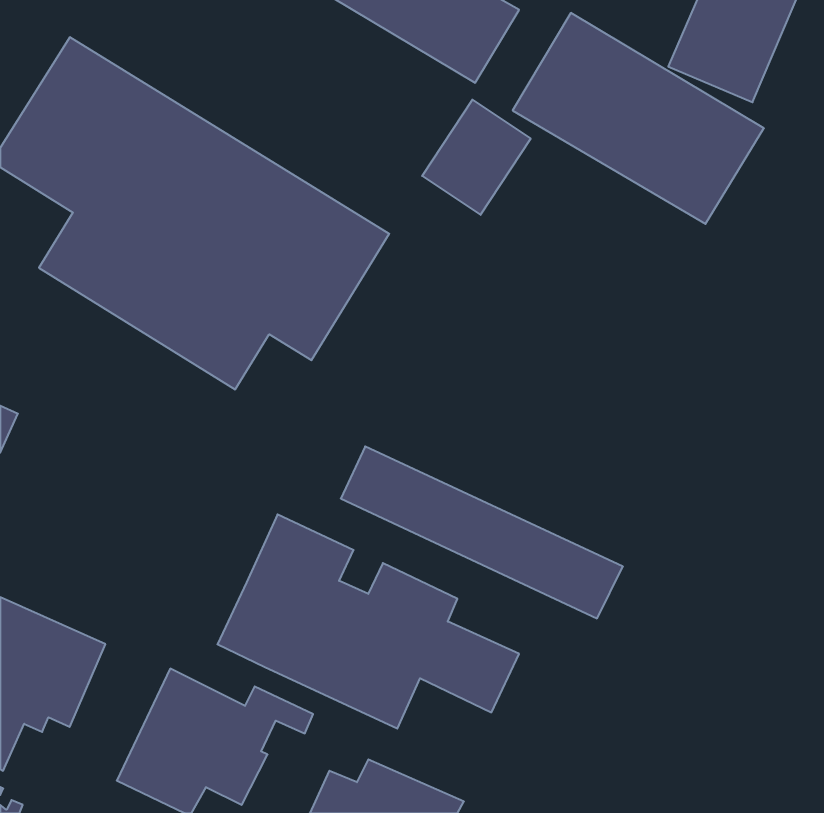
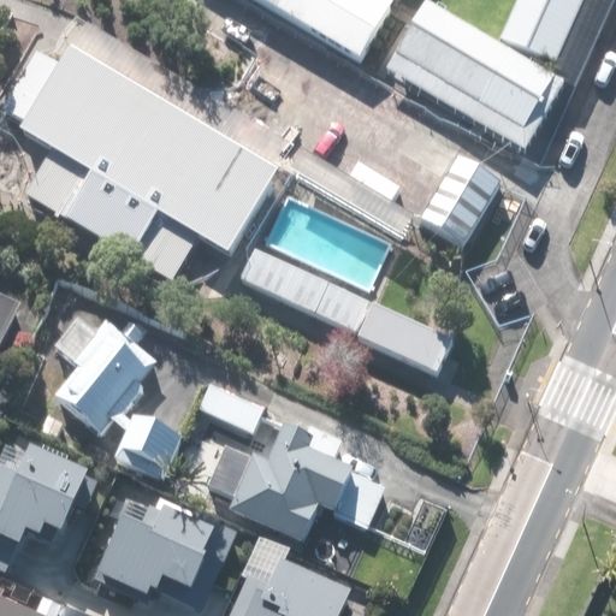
building: [422,100,531,215] -> [422,154,503,239]
building: none -> [53,319,182,476]
building: [341,446,623,618] -> [248,247,457,374]

